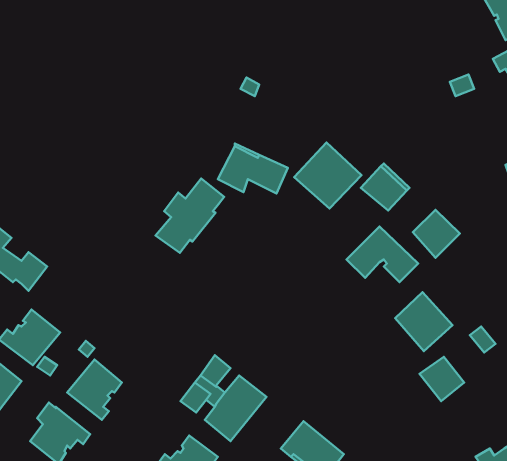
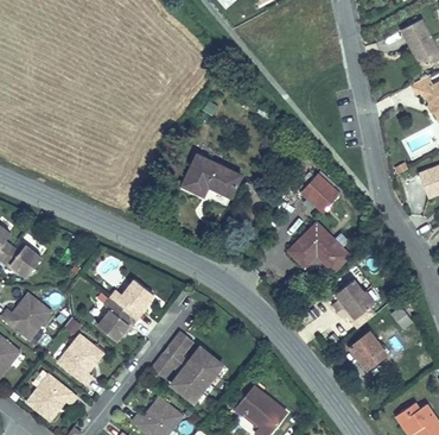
building: [294,142,362,209] -> none
building: [155,178,224,253] -> [97,278,154,340]
building: [413,210,460,258] -> none

